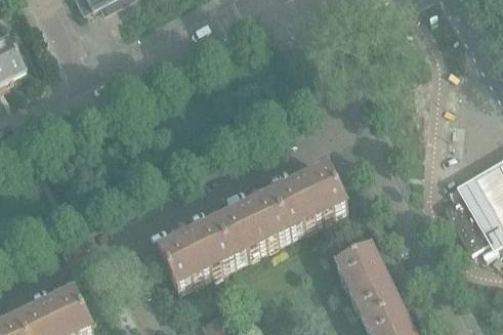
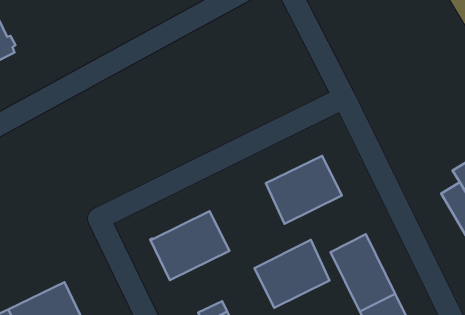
building: [214,191,288,257] -> [254,240,329,308]

